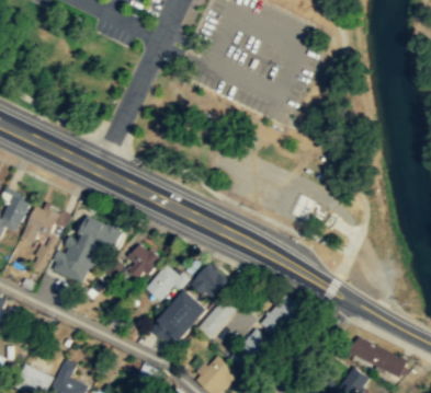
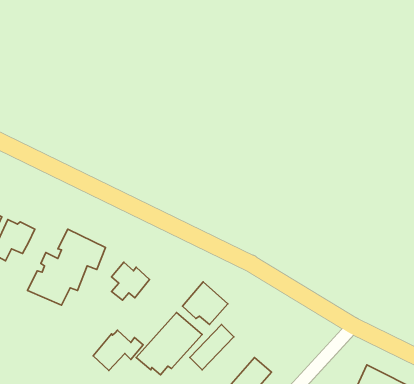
building: [145,265,190,301] -> [93,330,143,371]
building: [260,296,303,338] -> none

